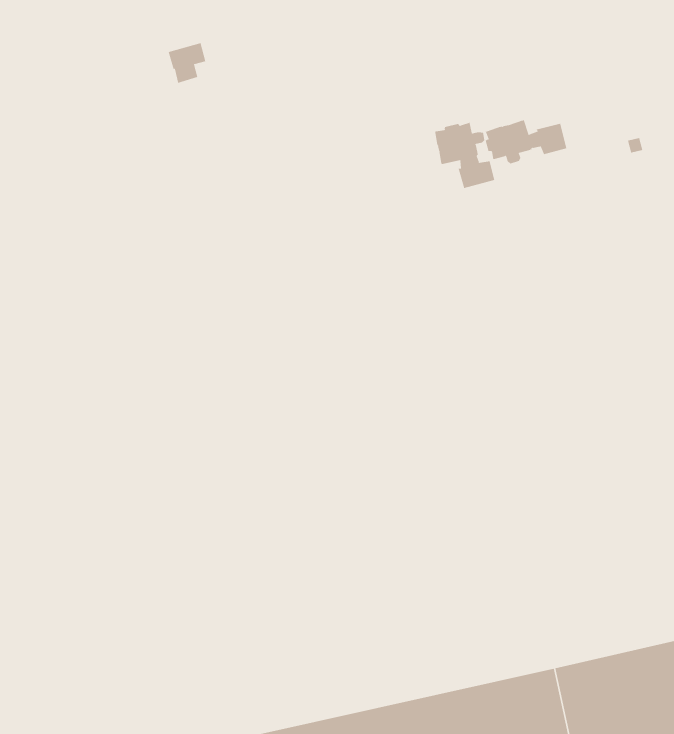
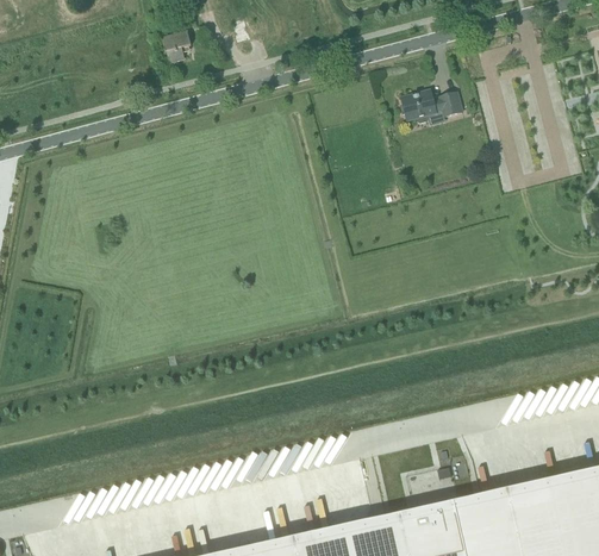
building: [433,122,495,189] -> none

